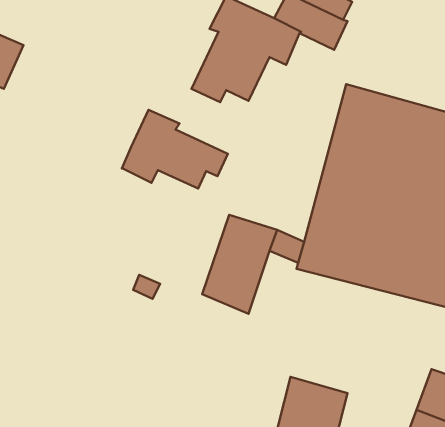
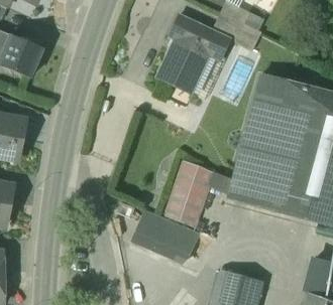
building: [122,110,228,189] -> none
building: none -> [130,209,212,270]

